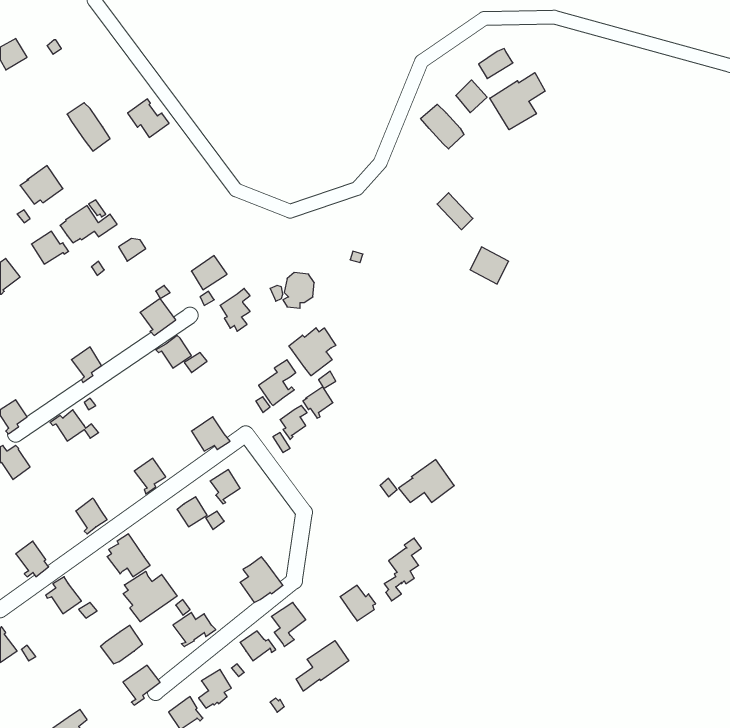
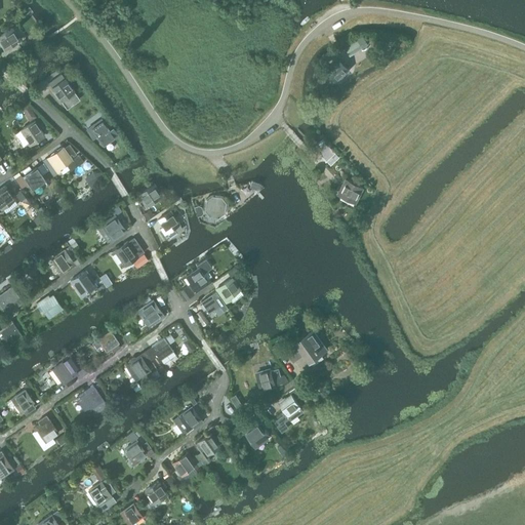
building: [490,73,545,130] -> none
building: [128,99,169,137] -> [87,119,117,147]
building: [421,104,464,149] -> none
building: [289,328,336,376] -> none
building: none -> [70,270,97,296]
building: none -> [254,368,288,393]
building: [123,571,177,622] -> none
building: [101,625,142,664] -> none
building: [296,641,349,691] -> none

